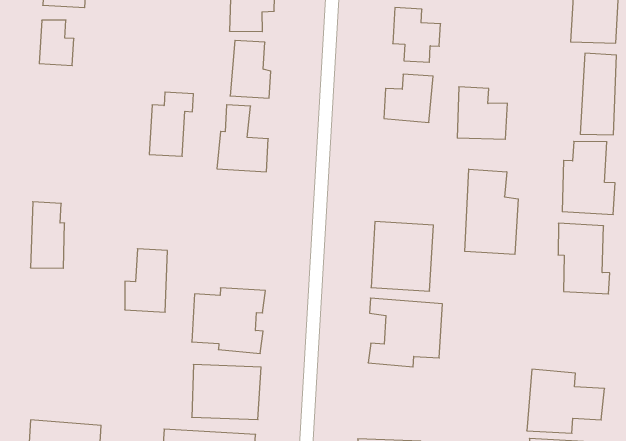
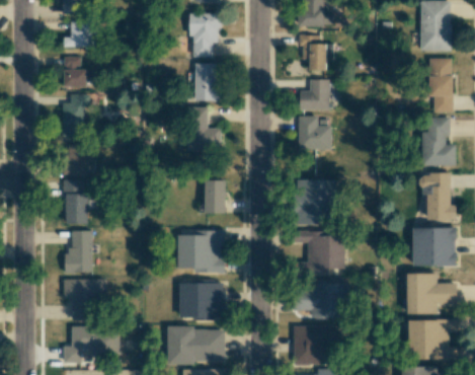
building: [457,87,507,139] -> [298,116,331,150]
building: [149,92,193,156] -> [62,94,89,137]
building: none -> [65,144,89,174]
building: [465,169,518,254] -> none
building: none -> [205,179,226,213]
building: [125,249,167,312] -> [64,231,92,273]
building: none -> [412,227,456,266]
building: none -> [64,279,106,320]
building: none -> [294,283,347,317]

